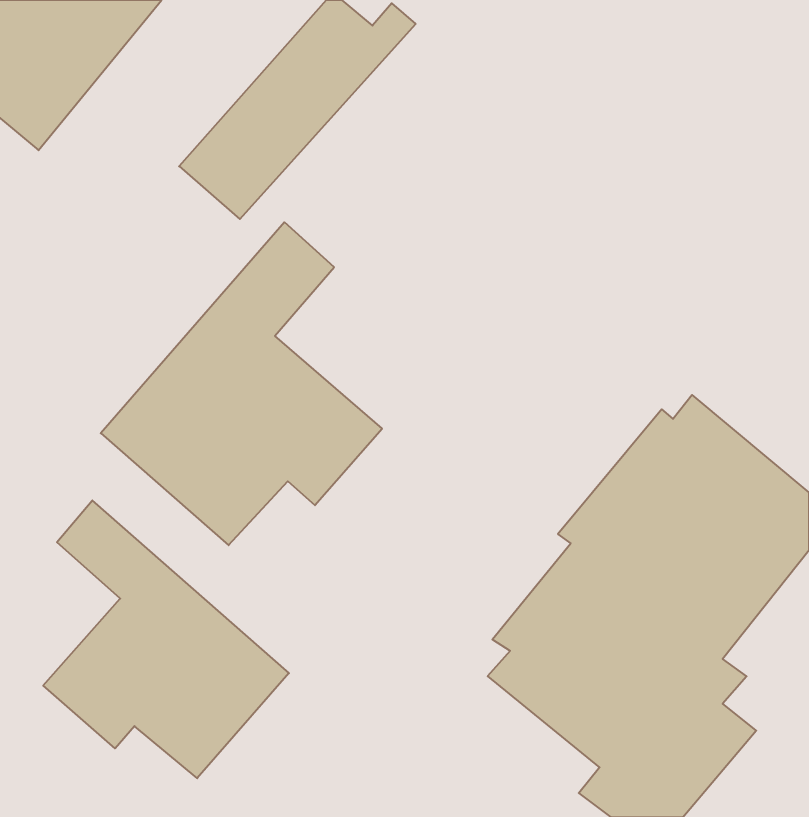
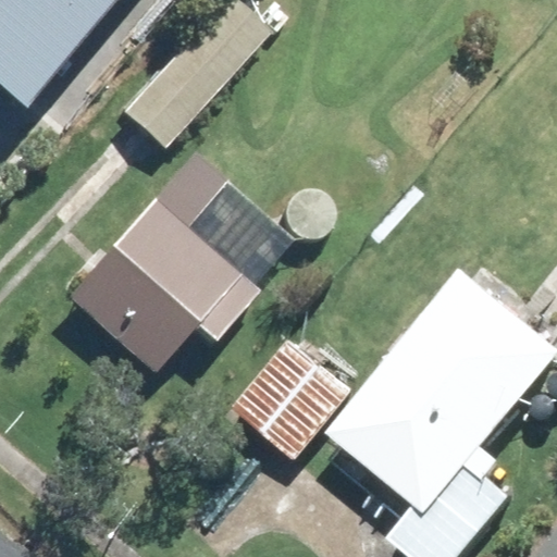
building: none -> [237,339,358,461]
building: [43,500,289,778] -> none

